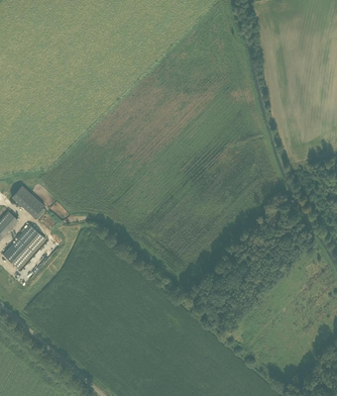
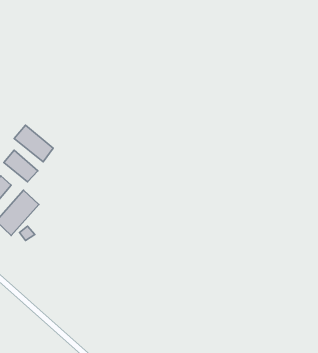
building: none -> [14,125,53,162]

